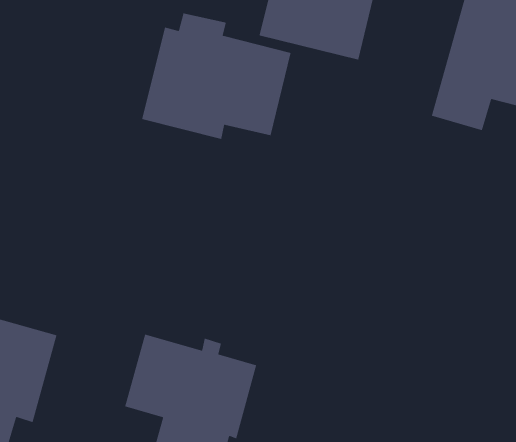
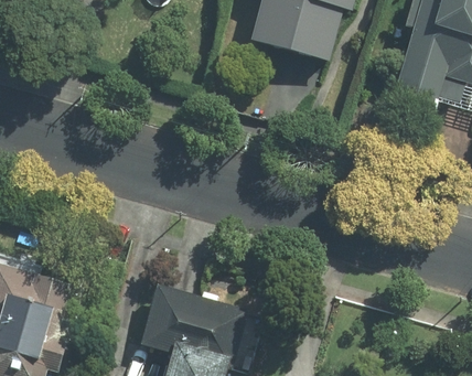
building: [141,13,292,140] -> none

